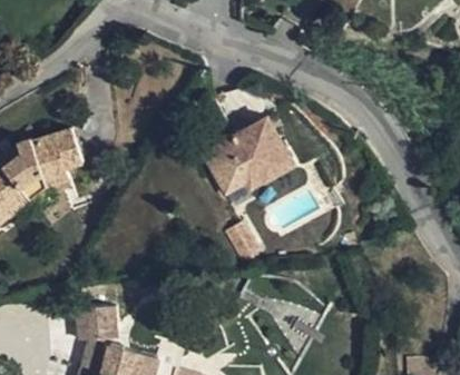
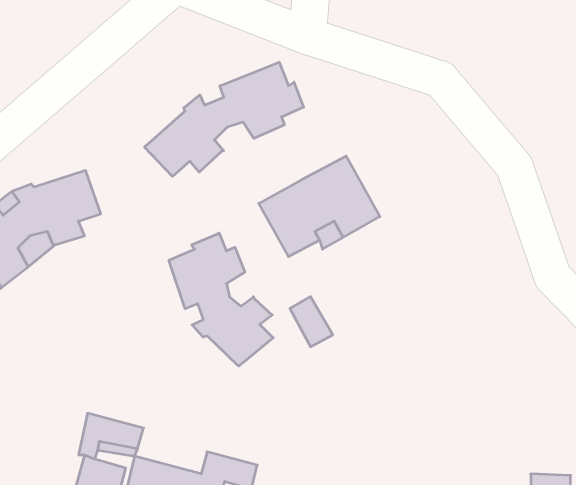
building: none -> [145,62,304,176]
building: none -> [169,233,273,366]

